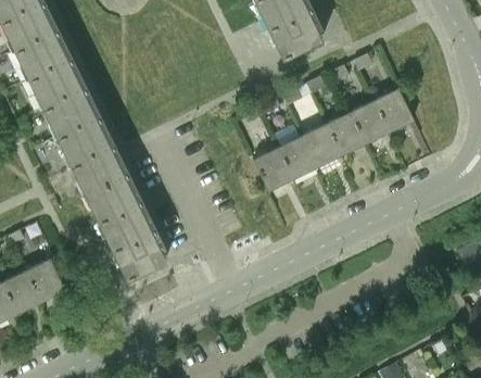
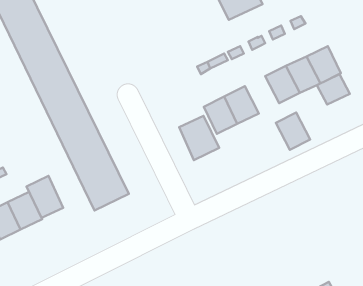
building: none -> [317,74,350,105]
building: [301,124,341,167] -> [276,112,310,150]
building: none -> [179,116,219,160]
building: none -> [26,176,63,218]

